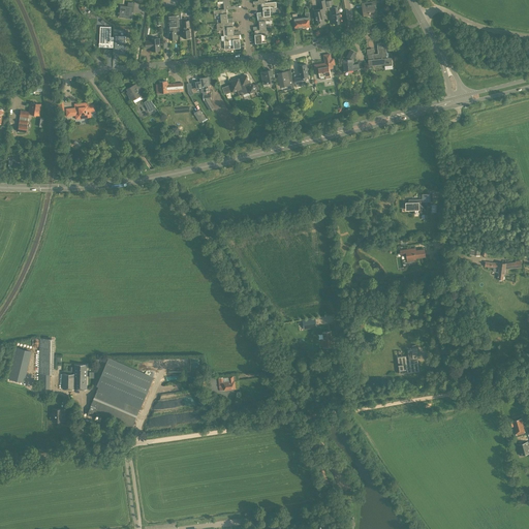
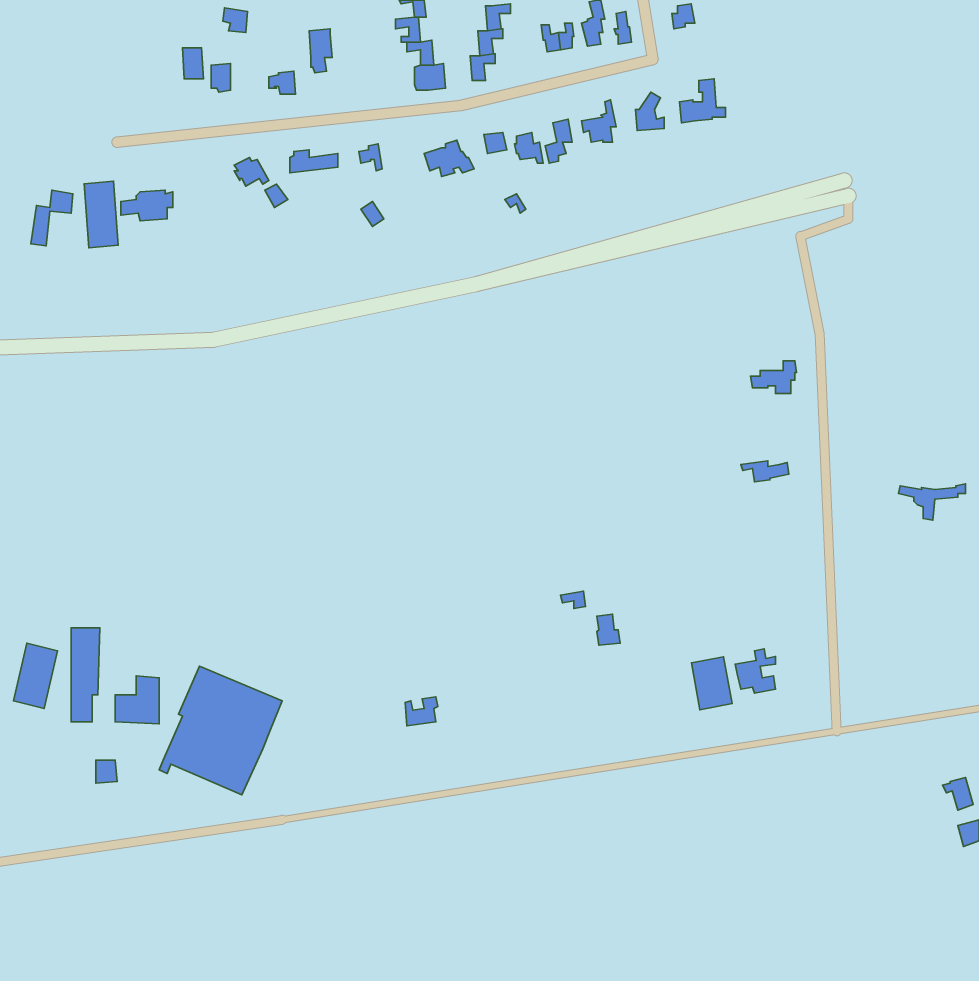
building: none -> [84,181,118,248]
building: none -> [691,657,732,710]

